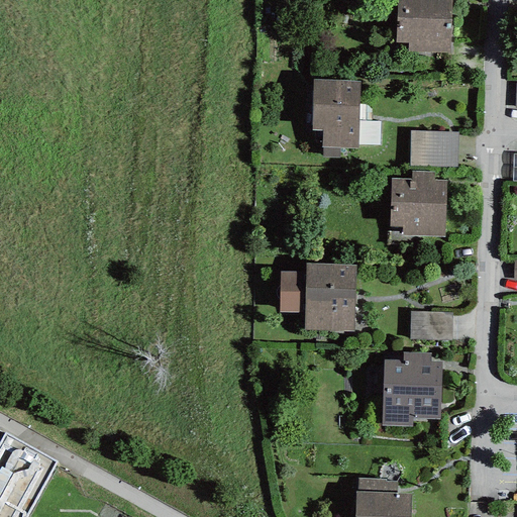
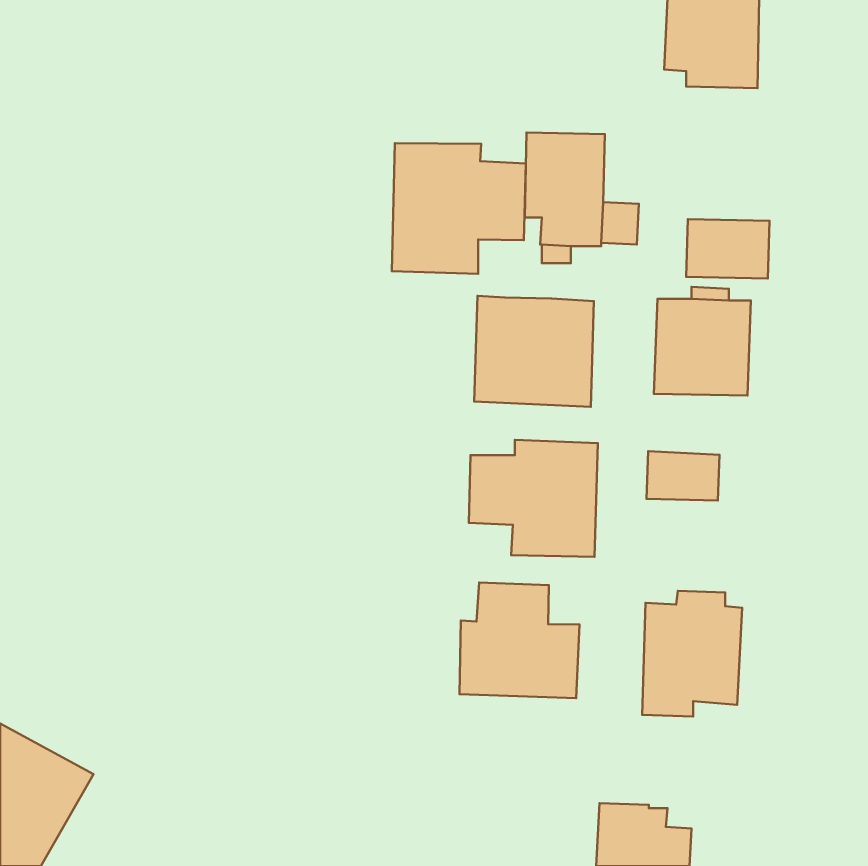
building: none -> [392,143,526,274]
building: none -> [474,296,594,407]
building: [409,310,452,339] -> [646,451,719,501]
building: none -> [459,582,580,698]

